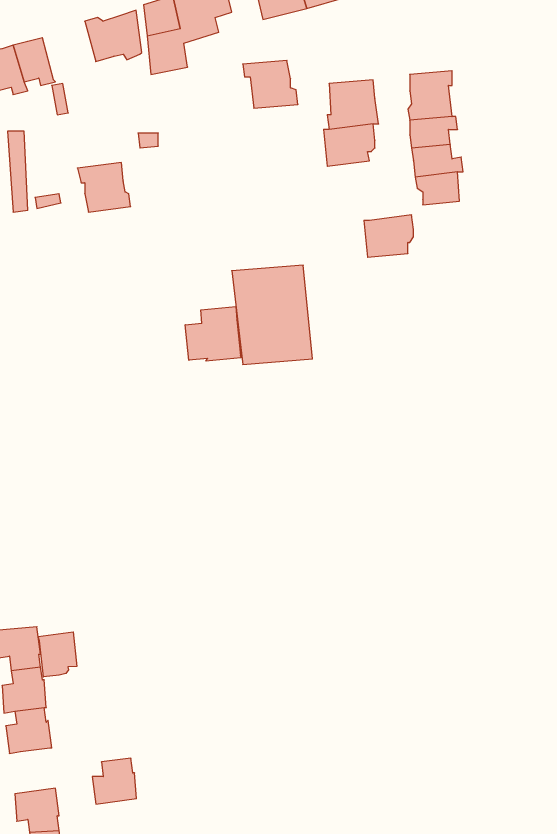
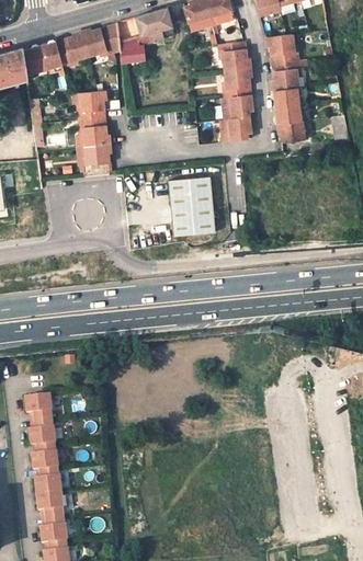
building: none -> [54,33,86,68]
building: none -> [268,35,298,65]
building: [243,60,298,108] -> [218,42,251,70]
building: none -> [75,91,102,121]
building: none -> [80,144,107,176]
building: [364,215,413,257] -> [220,116,250,141]
building: [185,307,241,361] -> none
building: [38,632,77,677] -> none
building: [92,758,136,804] -> [35,467,61,494]

